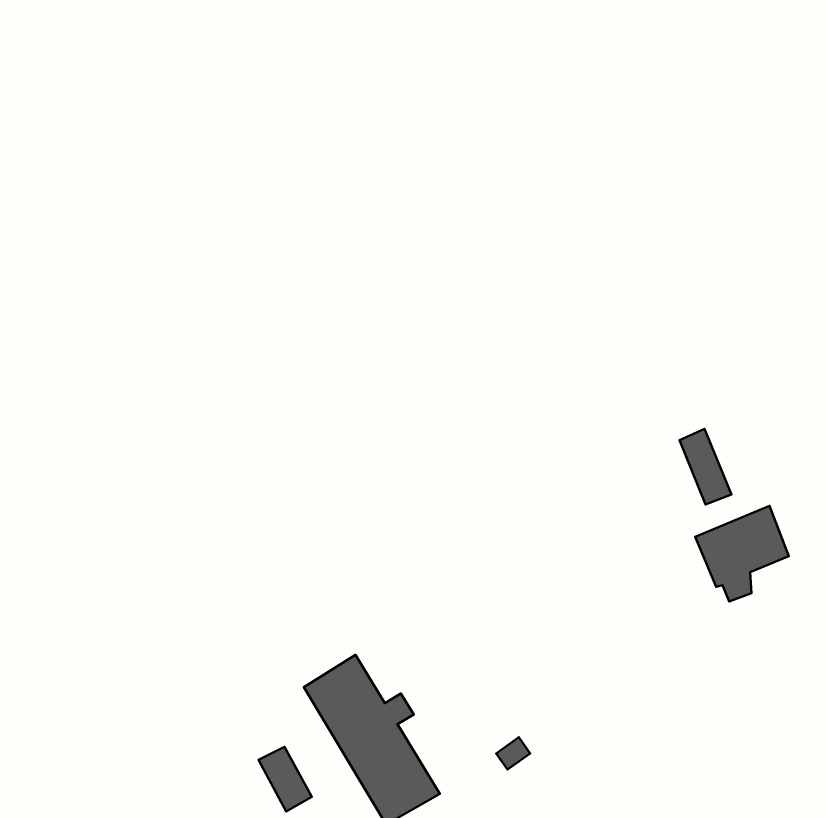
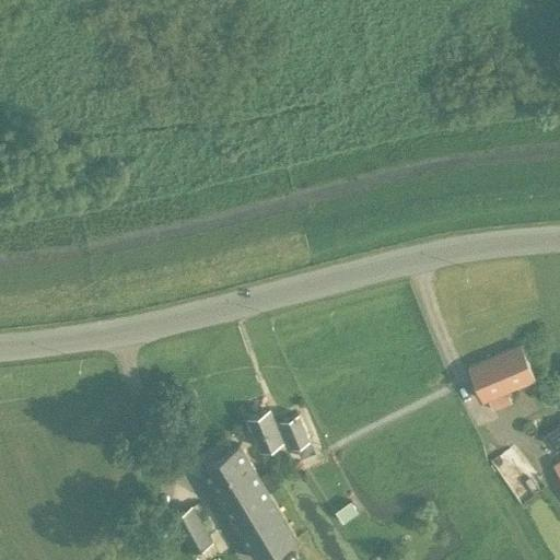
building: [680,429,732,504] -> none
building: none -> [249,413,314,460]

